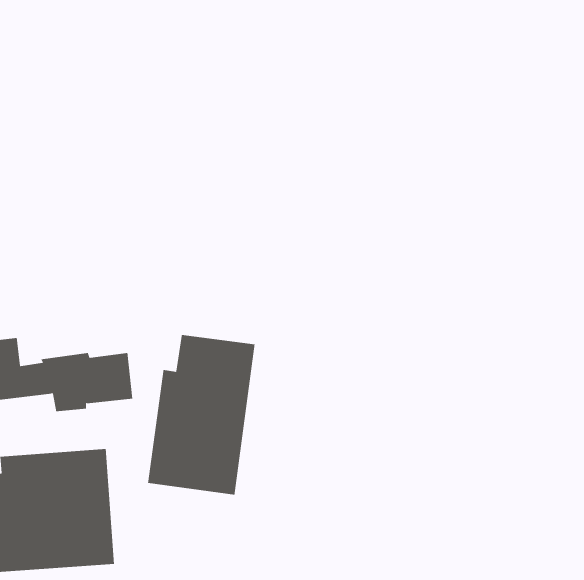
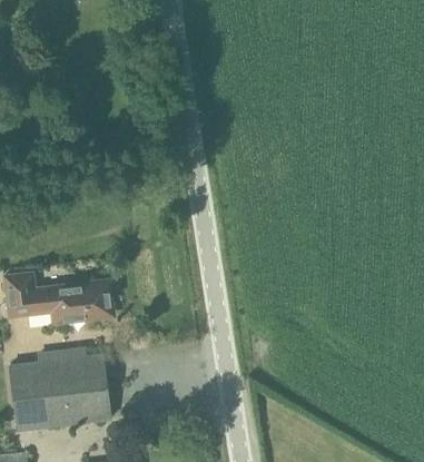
building: [148,334,255,495] -> none

